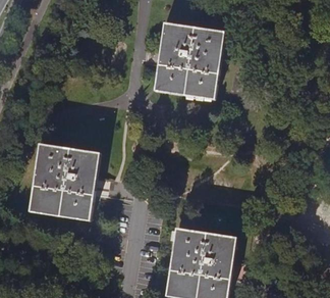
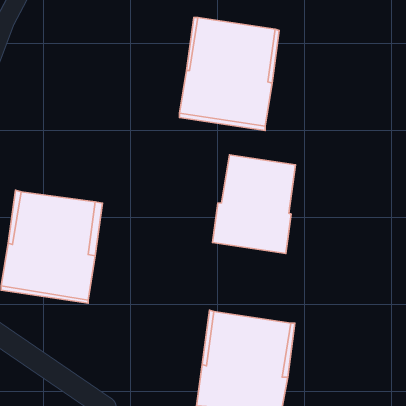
building: none -> [213,155,296,253]

